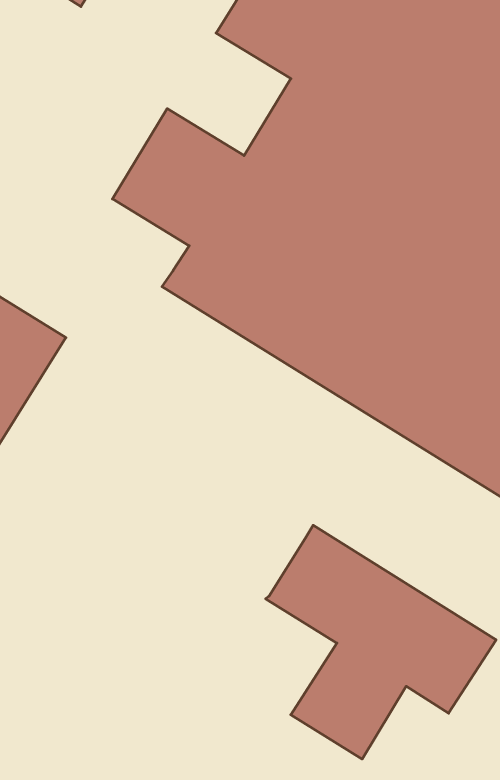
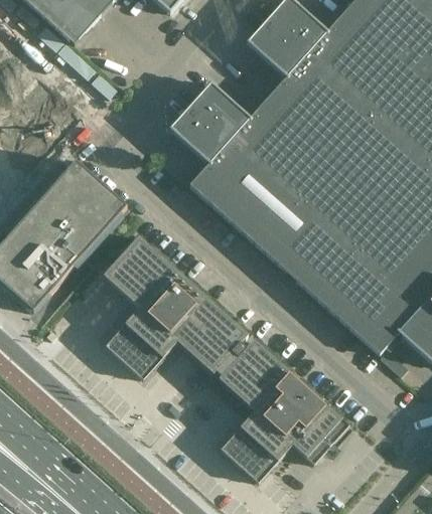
building: none -> [104,235,248,377]

